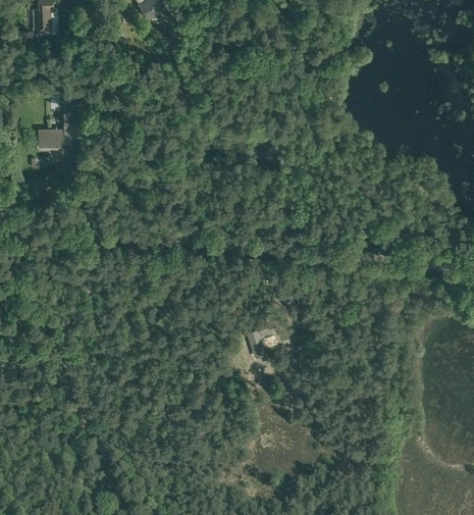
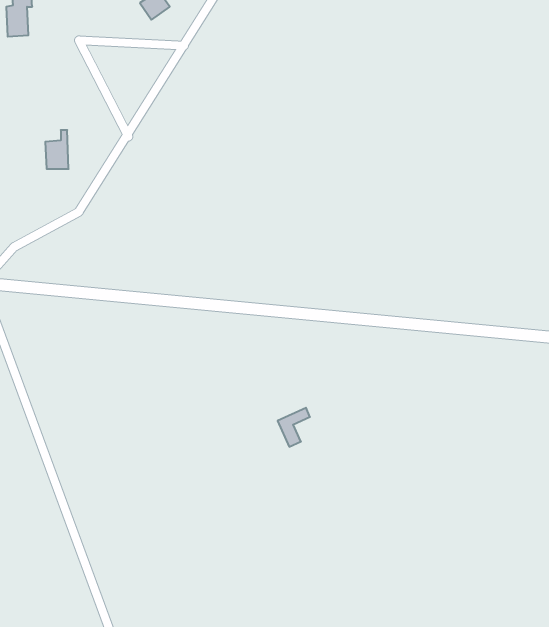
building: [40,136,63,159] -> none

